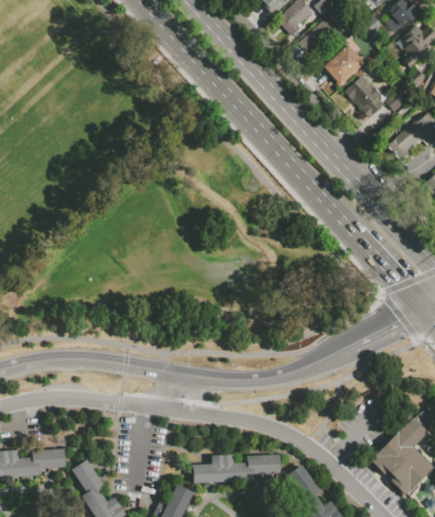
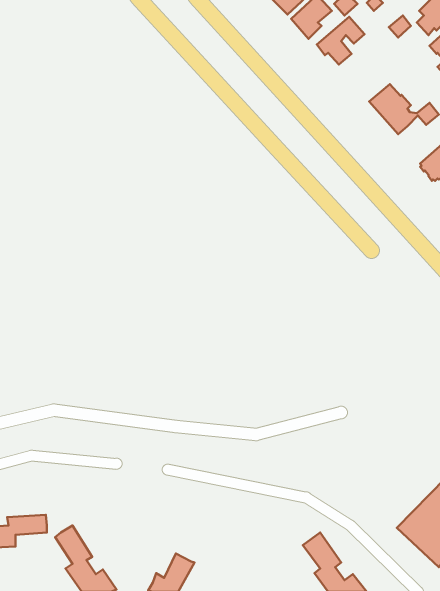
building: [322,39,365,87] -> none
building: [193,454,281,483] -> none

